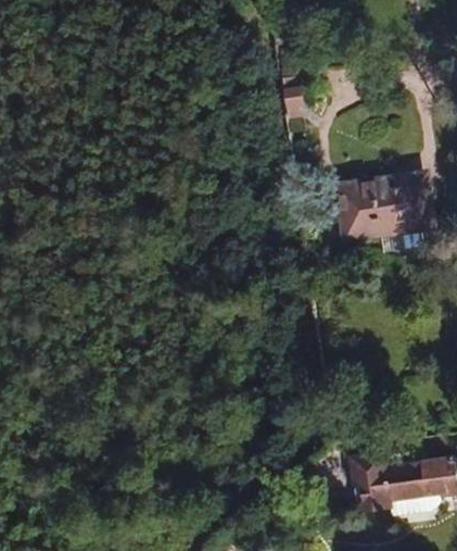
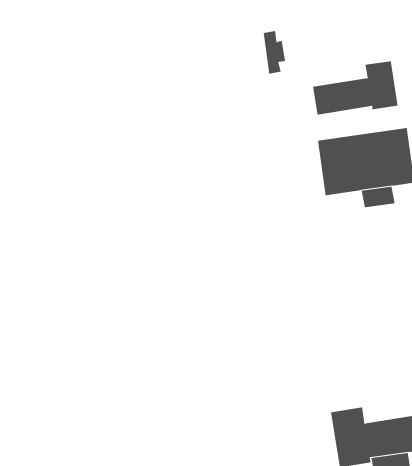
building: none -> [313,60,398,116]

